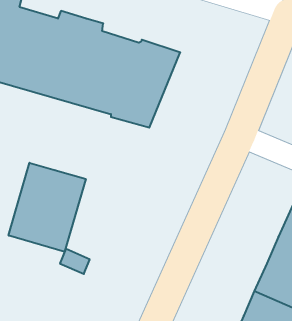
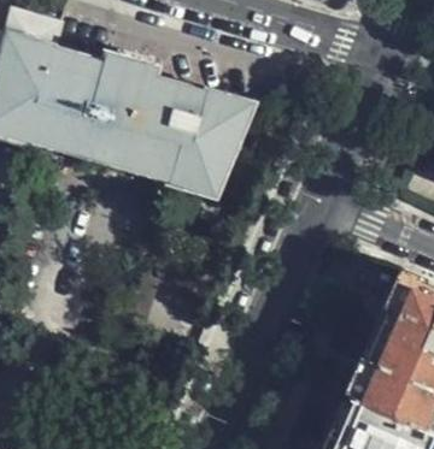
building: [9,163,86,252] -> none

